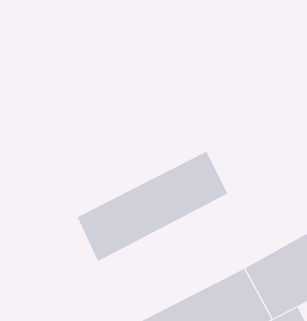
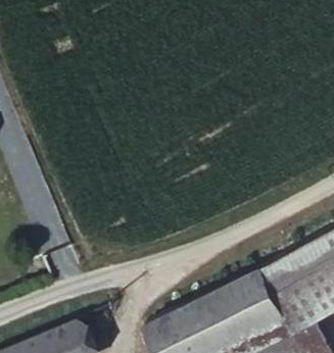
building: [77,151,228,262] -> none

